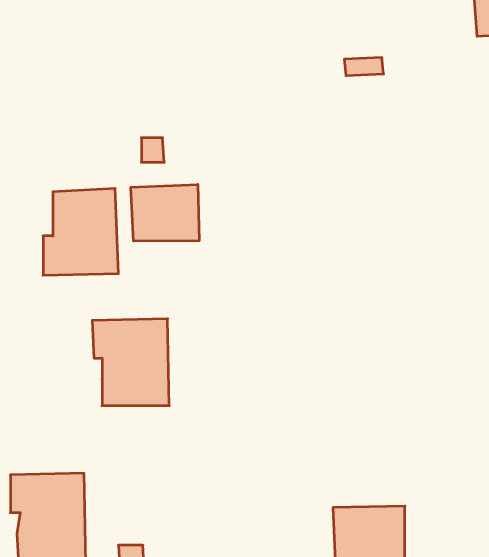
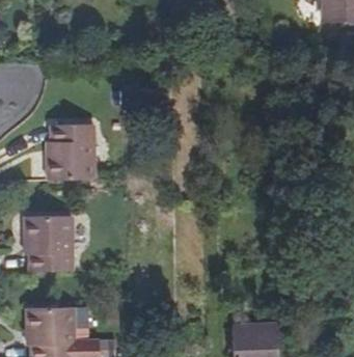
building: [131,184,199,241] -> none
building: [92,319,169,406] -> [24,213,73,268]

